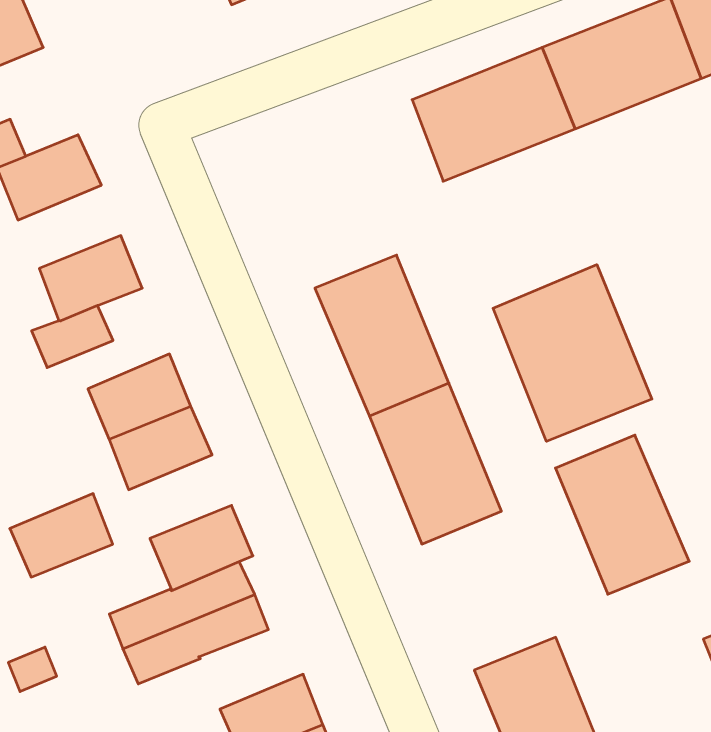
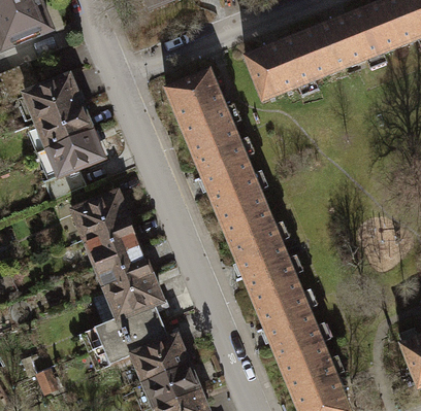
building: none -> [166,69,237,156]
building: none -> [36,101,91,145]
building: [493,265,652,441] -> none
building: [555,435,689,594] -> [251,274,322,358]
building: [10,494,113,577] -> [95,244,150,288]
building: none -> [132,334,188,379]

